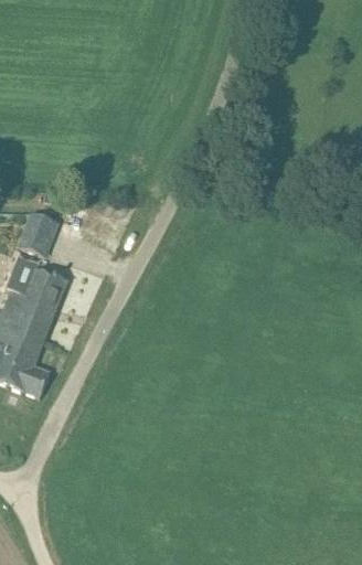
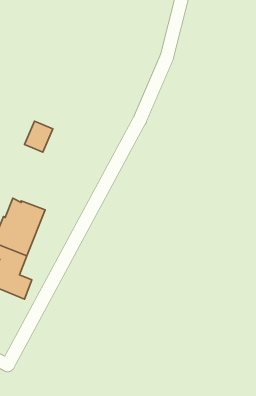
building: [20,215,57,256] -> [25,121,53,152]

